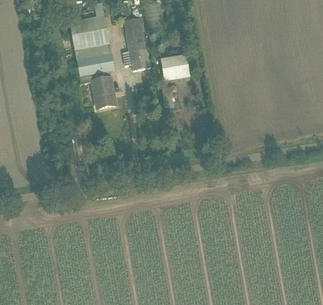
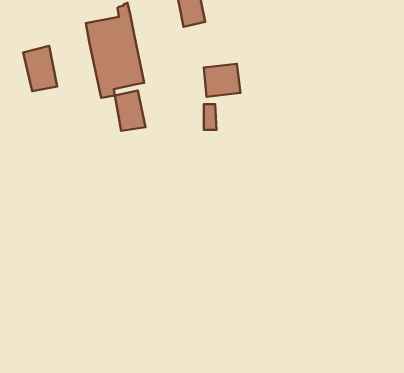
building: [122,17,149,70] -> none
building: none -> [23,46,57,91]

